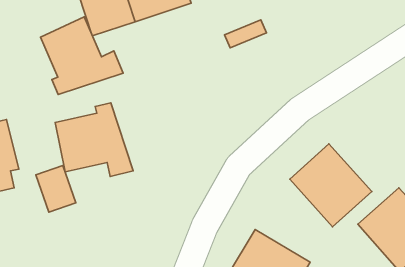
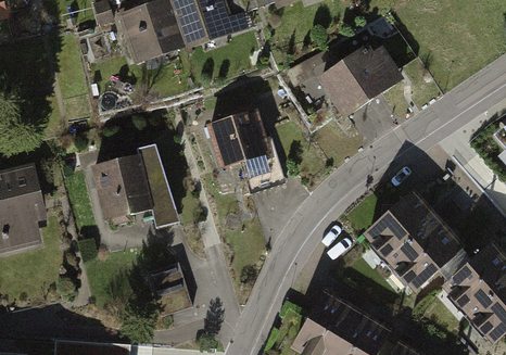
building: [41,17,123,95] -> none
building: none -> [315,43,402,121]
building: none -> [205,107,288,190]
building: [36,166,76,212] -> [149,261,195,315]

